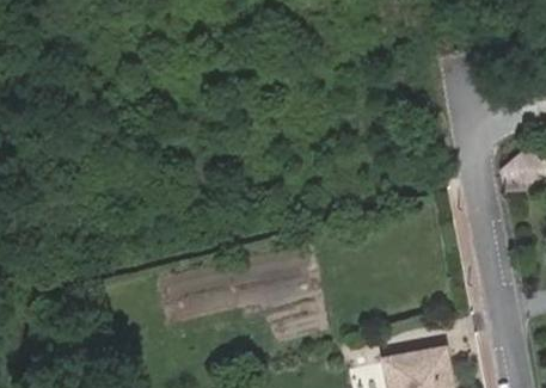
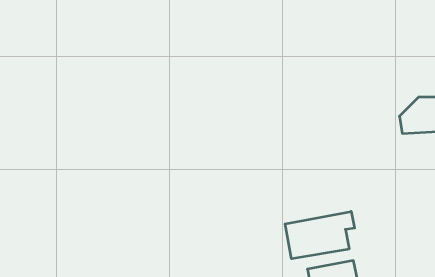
building: none -> [285,211,355,259]

